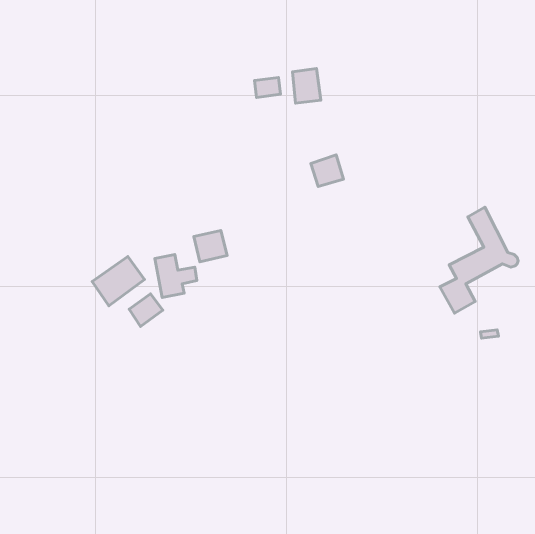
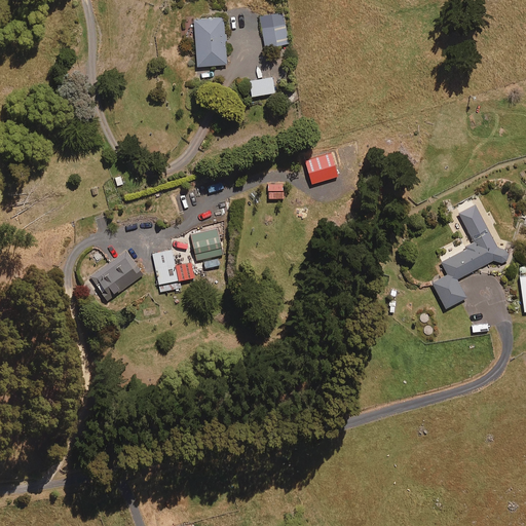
building: none -> [194,16,228,66]
building: [293,69,321,103] -> [261,12,289,46]
building: [129,294,163,326] -> none

